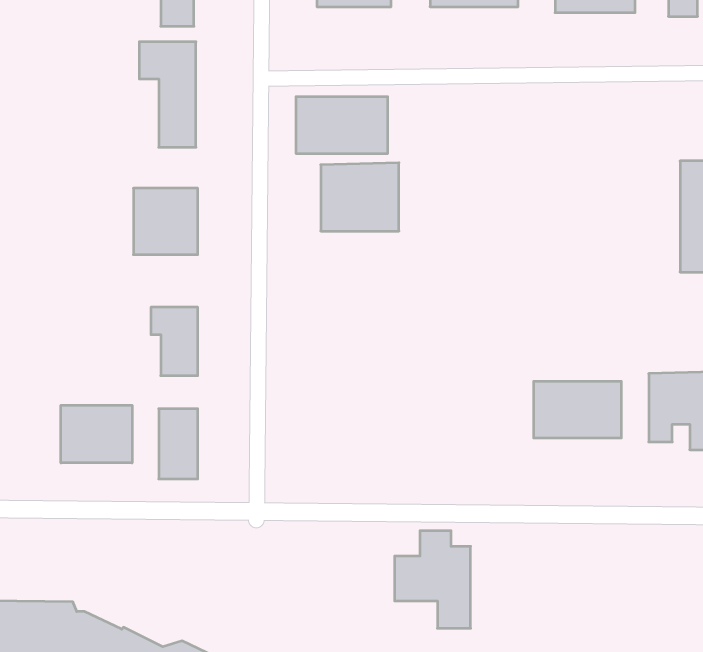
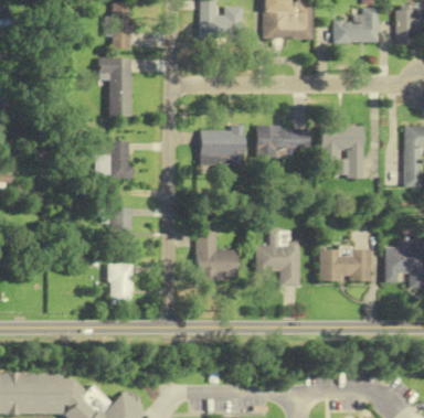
building: [296,97,388,153] -> [257,125,309,157]
building: none -> [322,125,364,178]
building: none -> [198,231,241,281]
building: [61,405,132,463] -> none
building: [395,531,471,628] -> [257,232,300,287]

